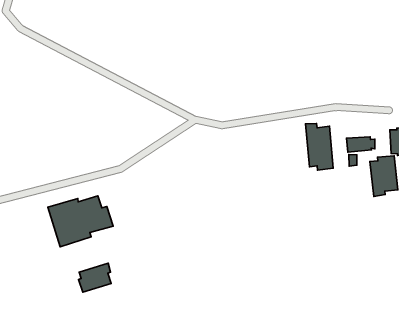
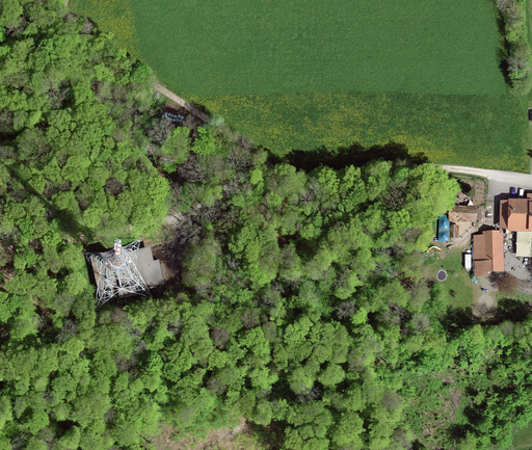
building: [306,123,333,170] -> none
building: [78,263,111,292] -> none

